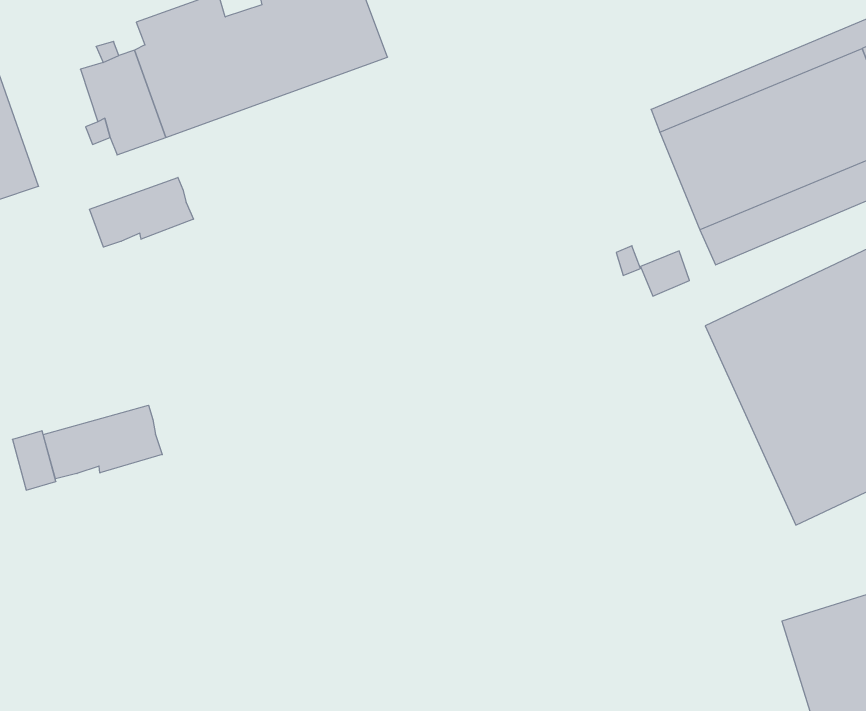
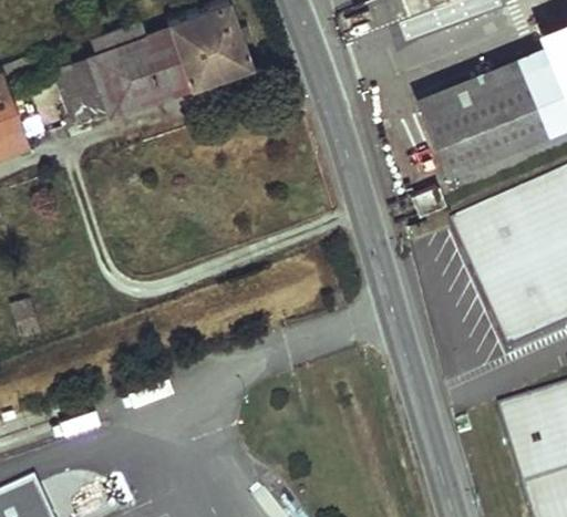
building: [90,177,193,247] -> none
building: [43,405,162,479] -> none

